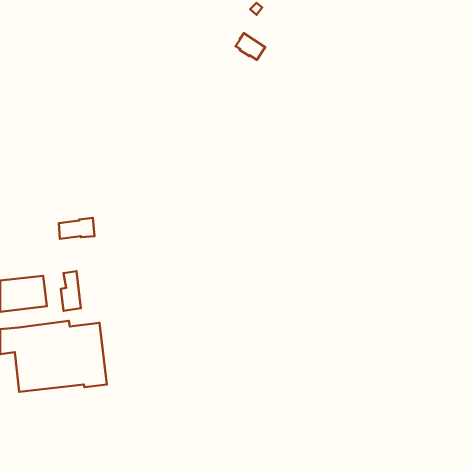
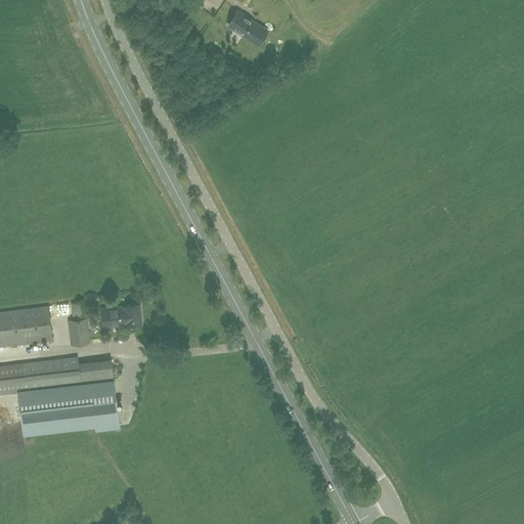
building: [236,33,265,60] -> [228,11,261,41]
building: [59,218,95,239] -> [101,304,141,328]

